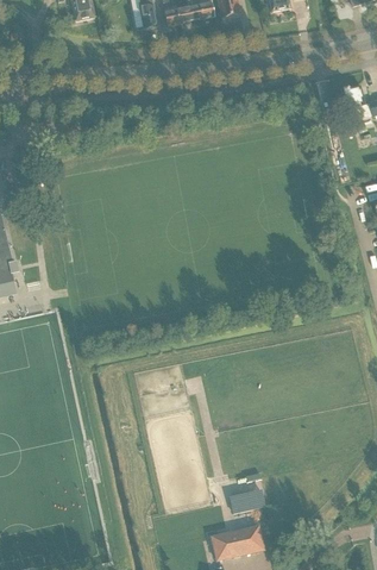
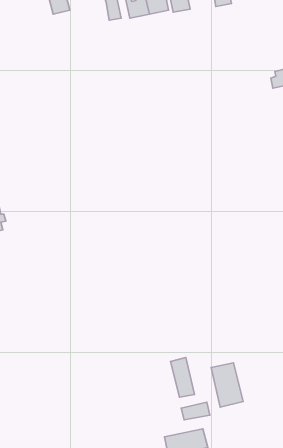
building: none -> [170,357,194,397]
building: none -> [211,363,243,407]

